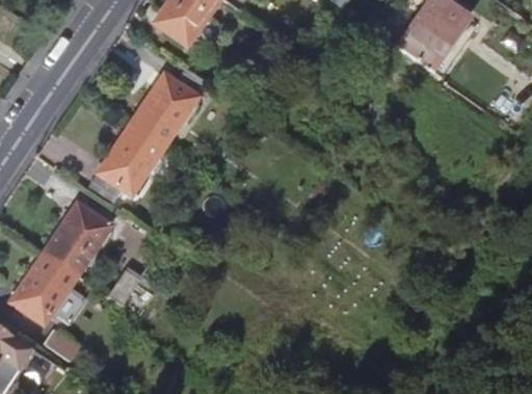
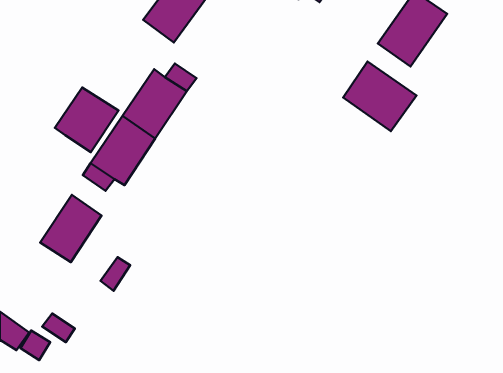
building: none -> [343,61,416,131]
building: none -> [55,87,118,152]
building: [11,256,76,326] -> none

